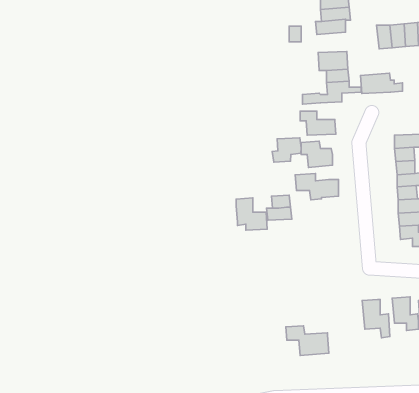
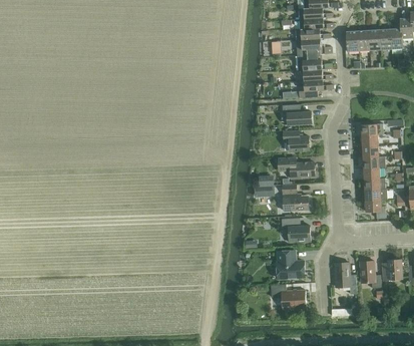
building: [361,73,403,93] -> [296,38,331,55]
building: [272,138,301,162] -> none
building: [236,198,267,230] -> [282,184,308,211]
building: none -> [281,218,310,242]
building: none -> [277,250,304,278]

